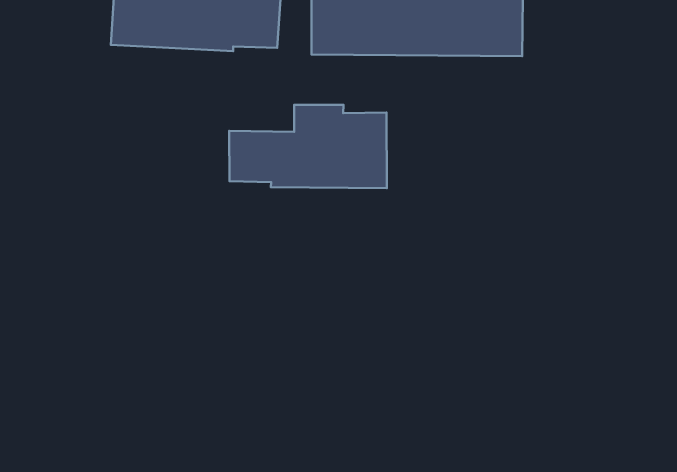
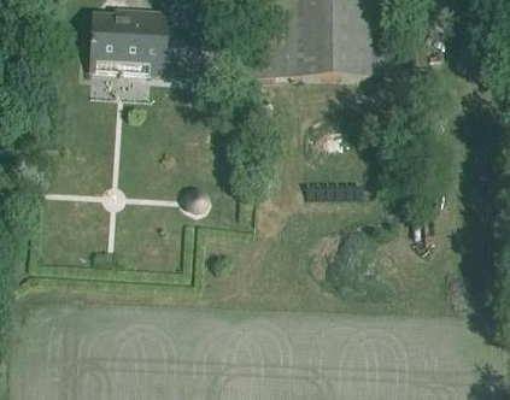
building: [229,105,387,188] -> none

